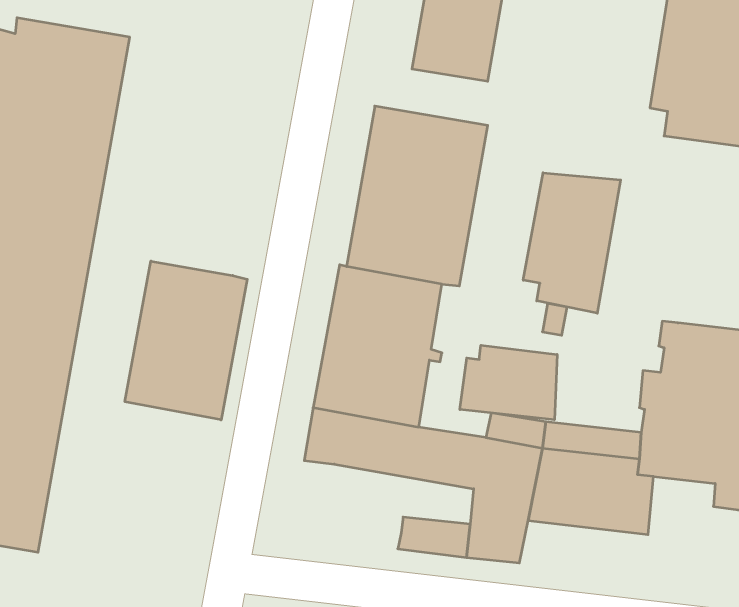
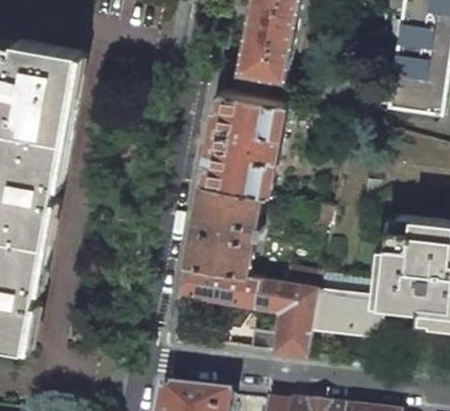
building: [523,173,621,313] -> none
building: [125,261,247,420] -> none
building: [460,345,557,420] -> none

